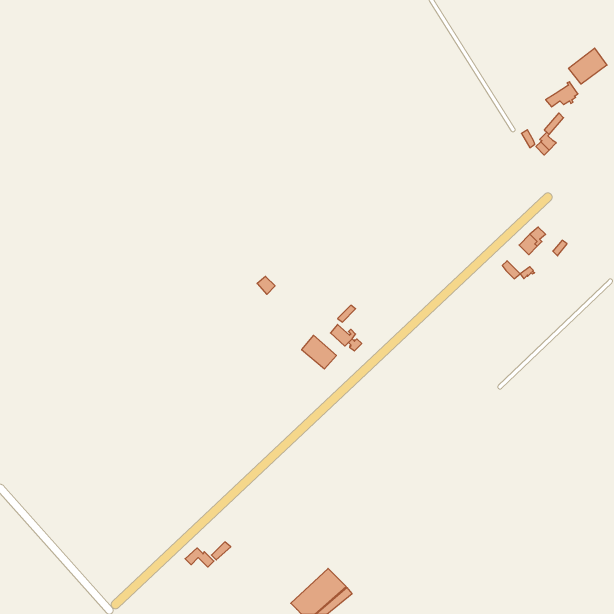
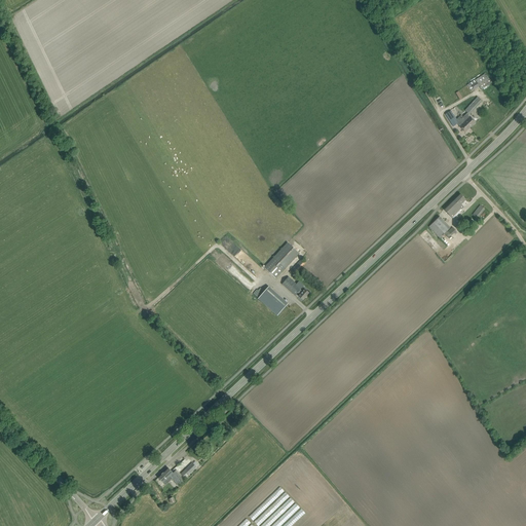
building: [569,48,607,84] -> none
building: none -> [264,242,299,278]

